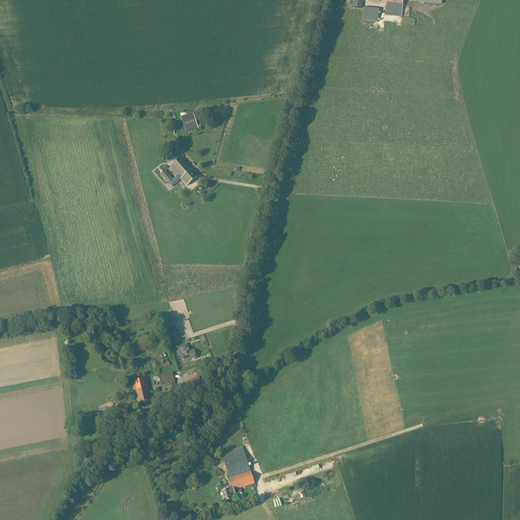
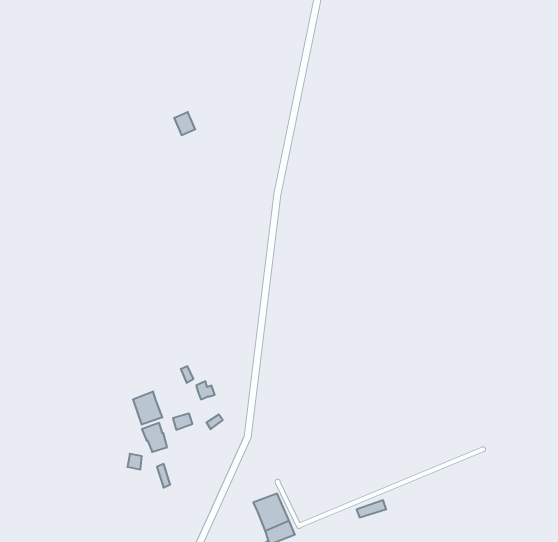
building: [159,155,197,185] -> none
building: none -> [133,391,162,425]

